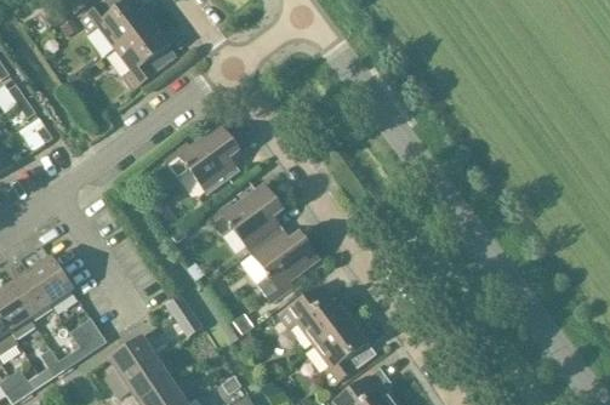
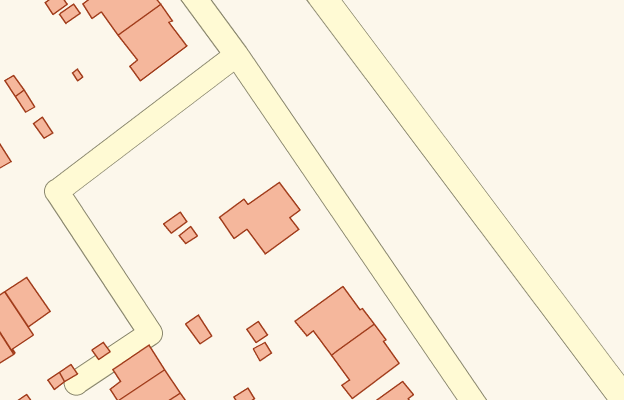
building: [164,125,238,193] -> none
building: [250,228,318,302] -> none
building: [28,258,72,304] -> none

